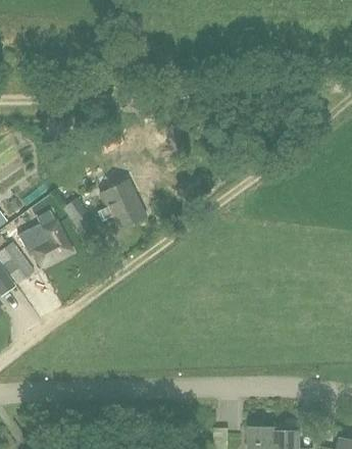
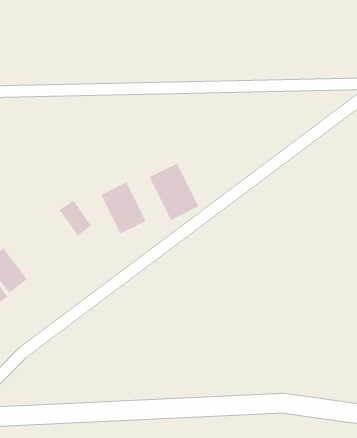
building: none -> [149,163,199,221]
building: [17,219,72,266] -> none

